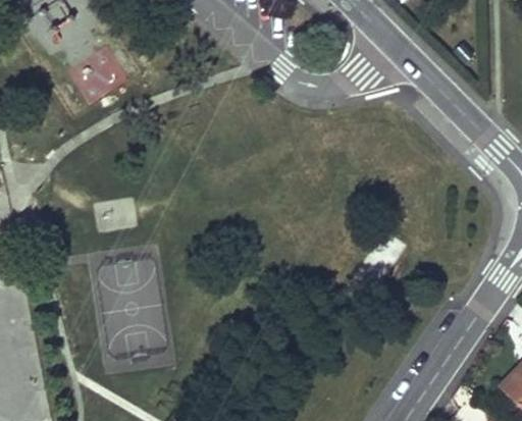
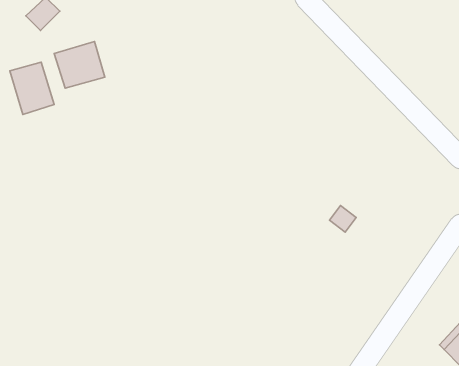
building: none -> [10,62,54,114]

